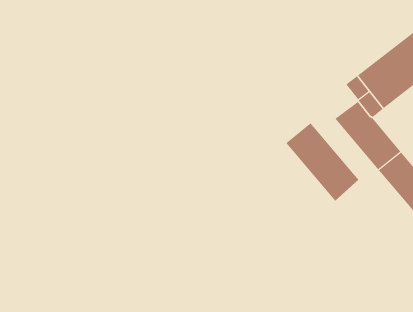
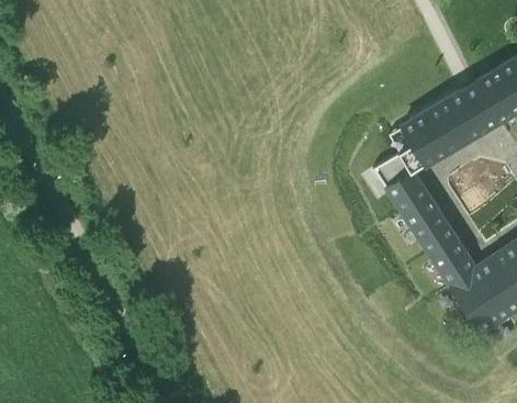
building: [286,123,359,202] -> none

